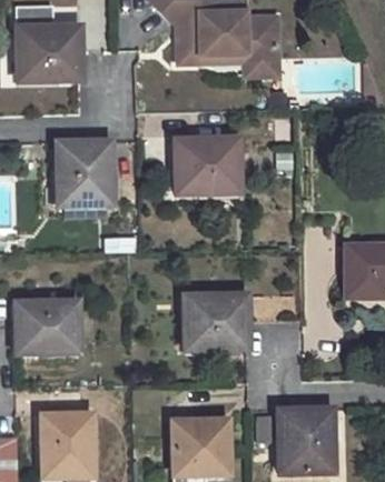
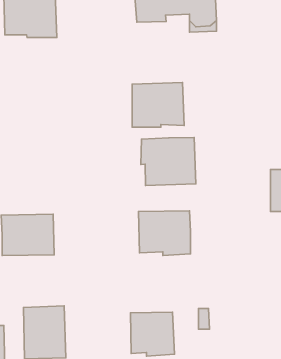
building: [56,143,111,205] -> none
building: none -> [141,137,196,185]
building: [276,409,332,474] -> none

